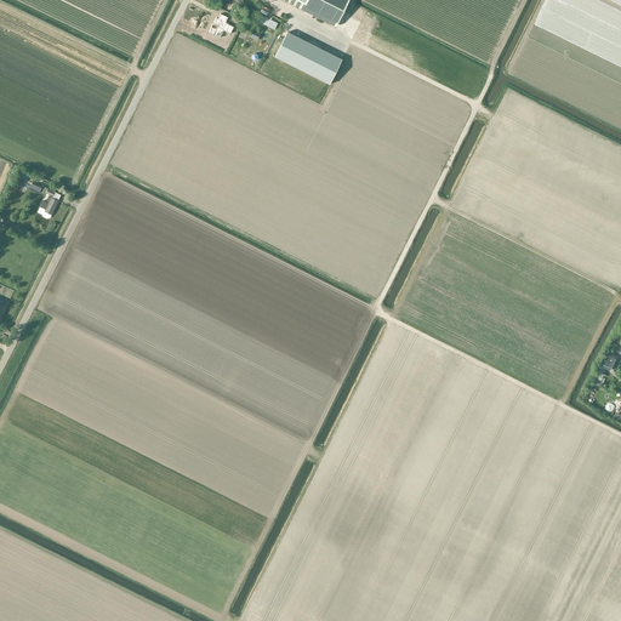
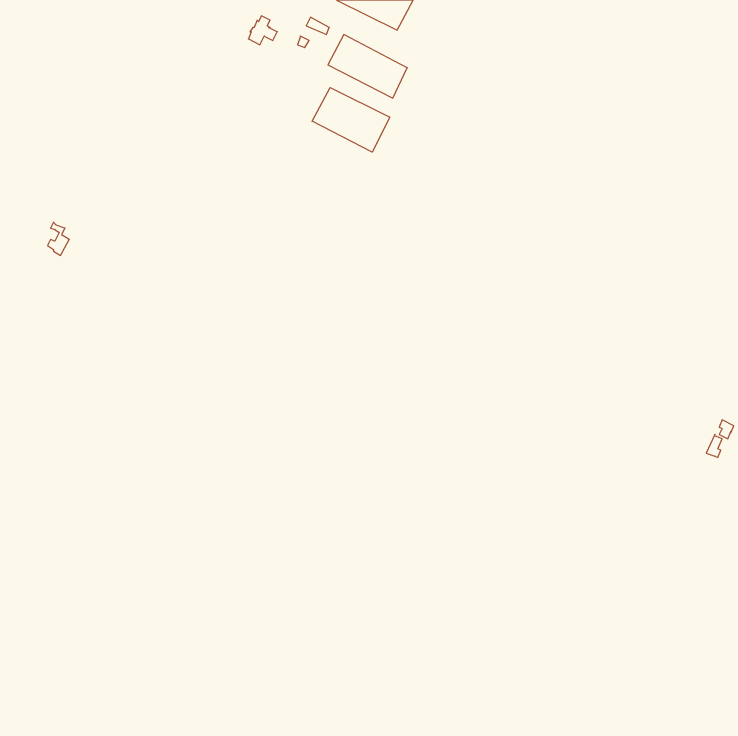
building: none -> [312,88,390,152]

